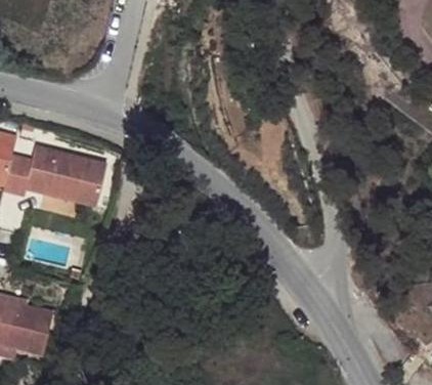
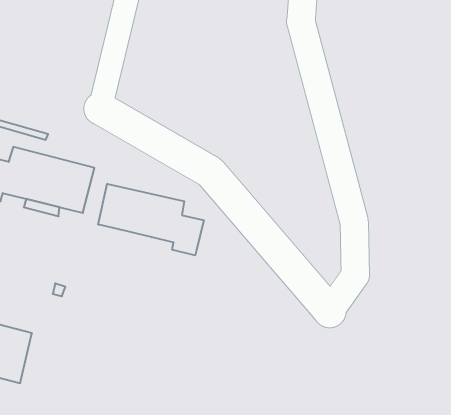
building: none -> [98,184,204,255]

